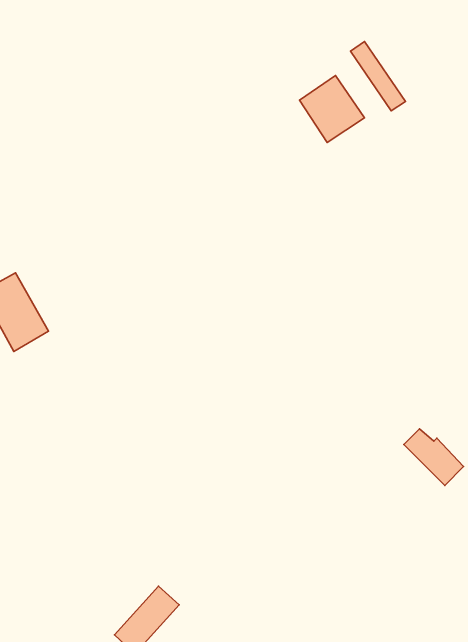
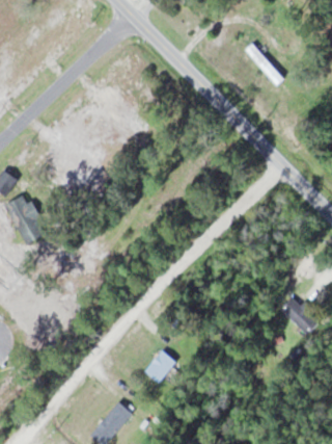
building: [299,75,365,142] -> none
building: none -> [144,350,177,383]

